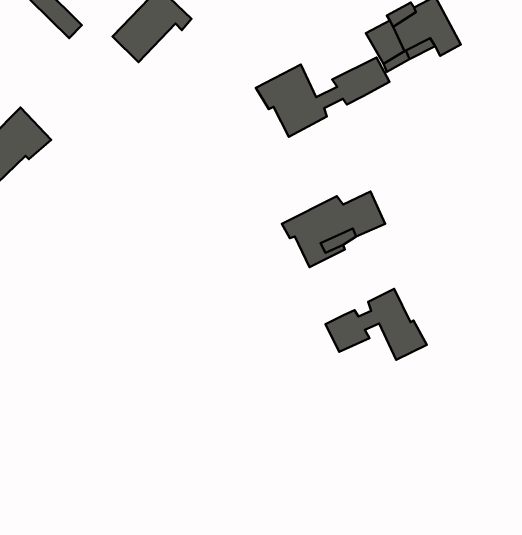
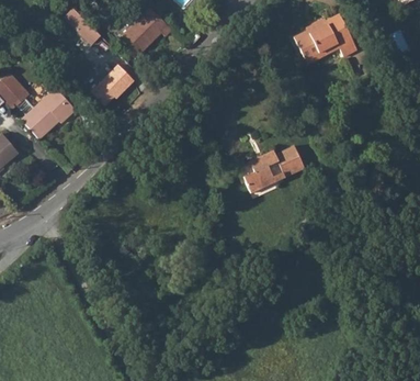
building: [256,57,389,137] -> none
building: none -> [92,64,135,104]
building: [325,289,427,360] -> none

